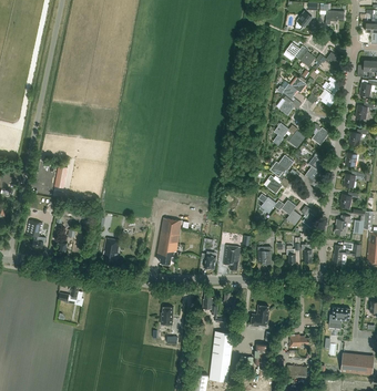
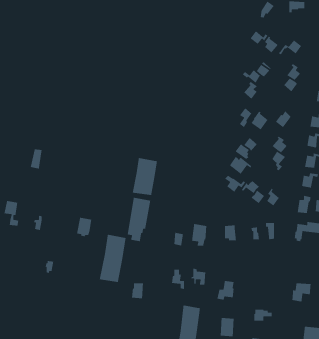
building: none -> [132,157,158,196]
building: none -> [99,234,126,283]

